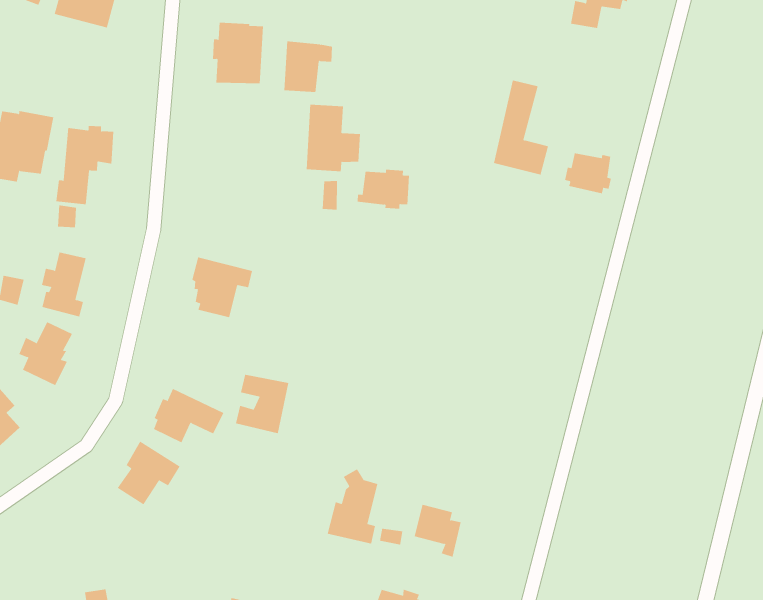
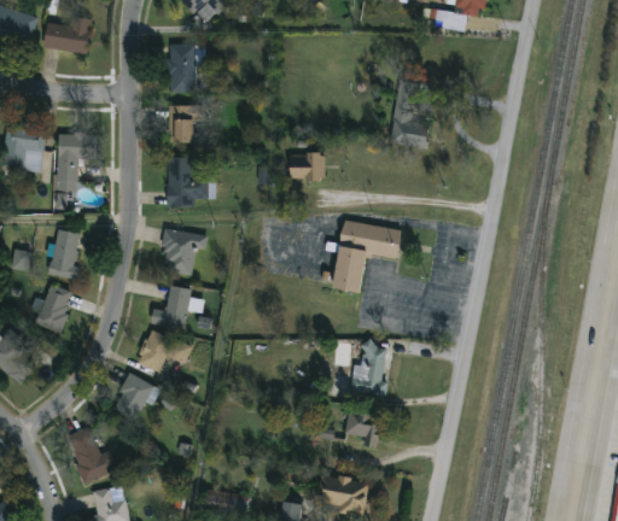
building: [284,41,333,92] -> [168,104,204,142]
building: [306,104,361,172] -> [167,156,208,206]
building: [564,153,612,194] -> none
building: none -> [332,219,401,292]
building: [235,374,289,434] -> [150,283,190,328]
building: [327,468,378,544] -> [350,338,387,396]
building: none -> [66,426,117,486]

